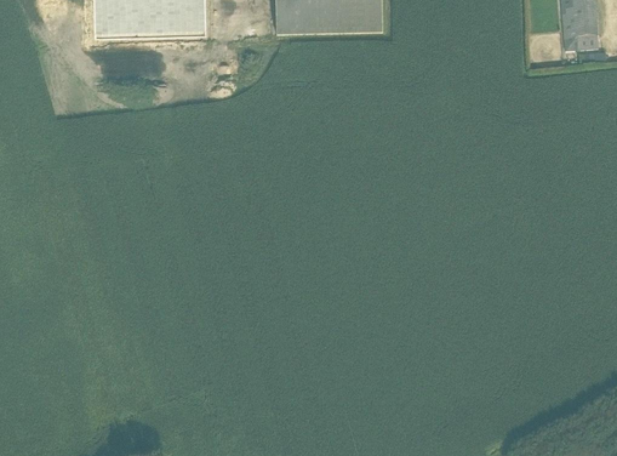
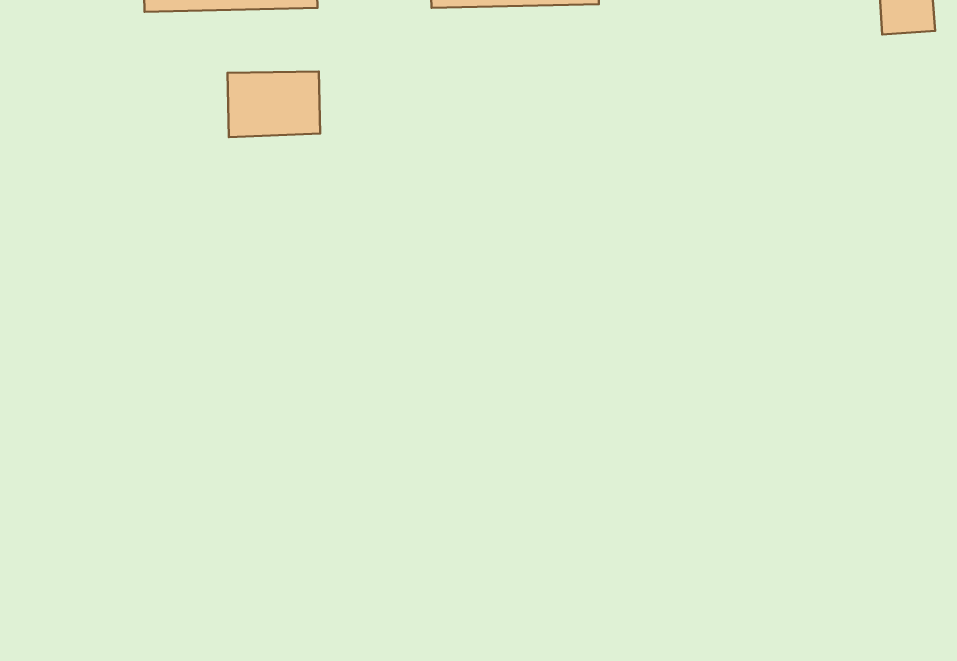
building: none -> [228,71,320,137]

